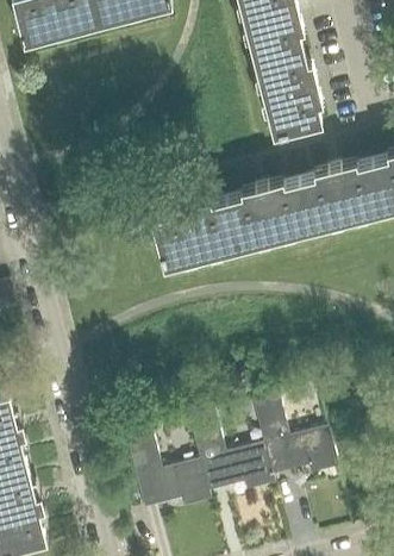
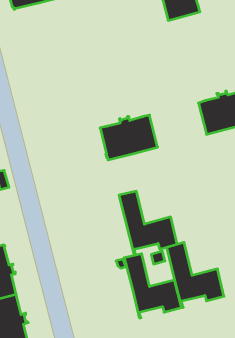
building: [252,45,319,132] -> none
building: [225,181,309,246] -> none
building: [123,421,209,517] -> [119,191,177,255]

